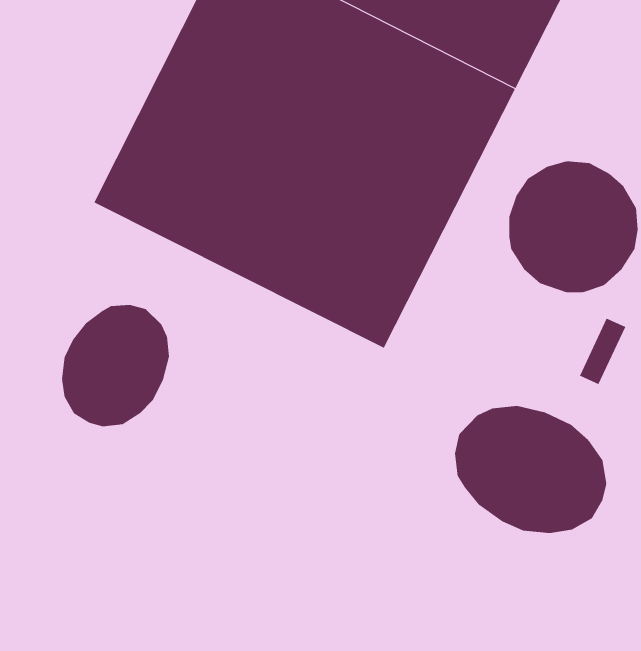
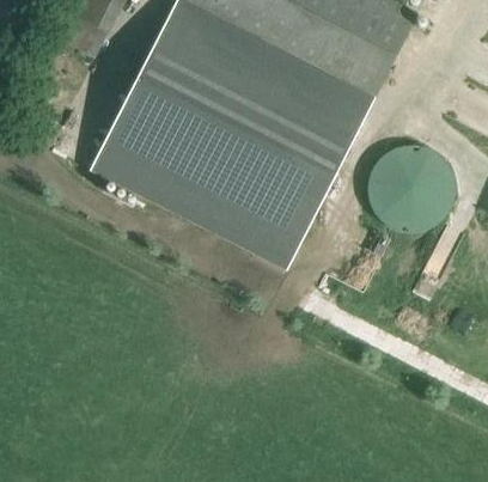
building: [62,304,170,427] -> none
building: [454,405,607,534] -> none

